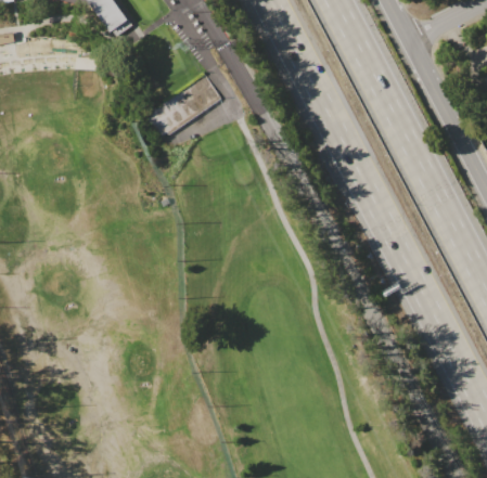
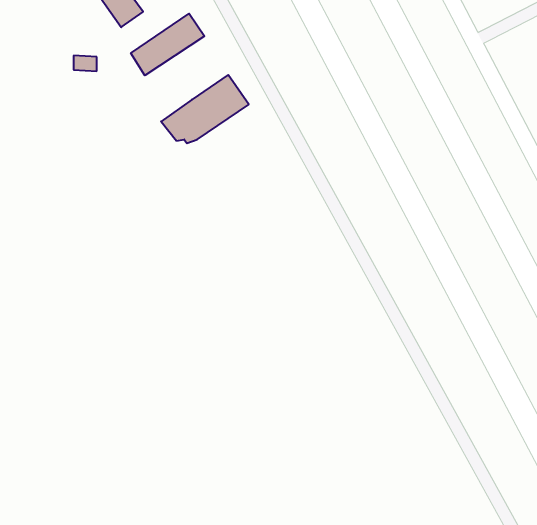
building: none -> [131,14,204,75]

